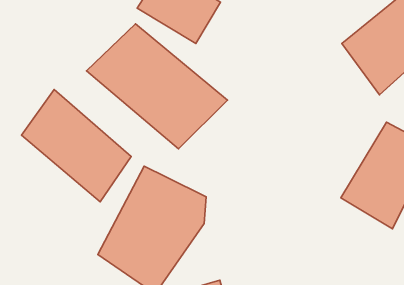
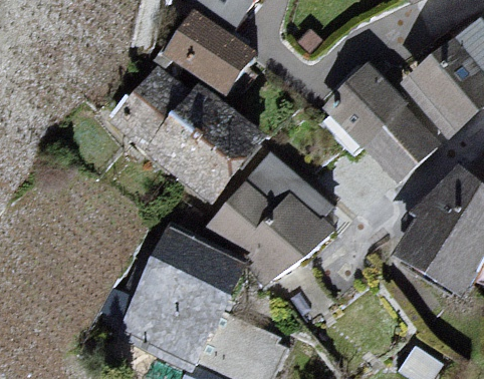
building: none -> [318,57,437,186]
building: [22,90,131,202] -> none
building: none -> [201,145,343,290]

